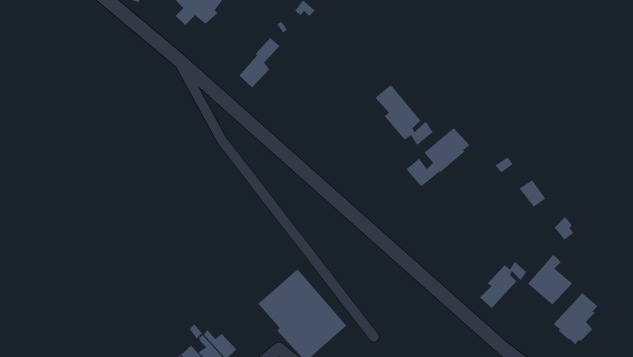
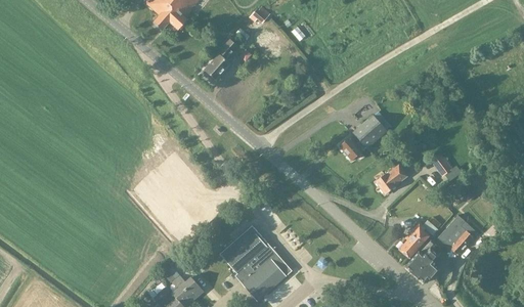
building: [375,84,433,146] -> none
building: none -> [375,165,407,194]
building: [553,292,598,346] -> [405,240,442,283]

